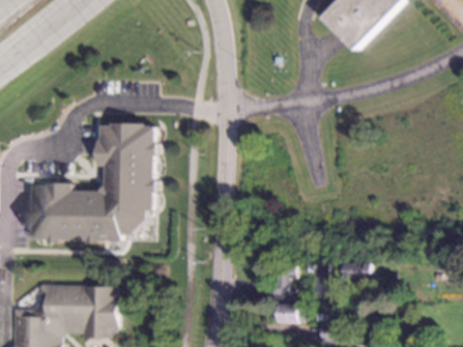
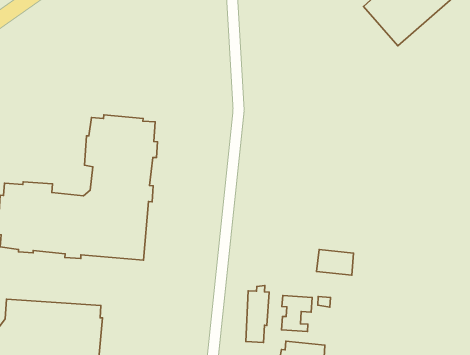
building: none -> [246,286,269,343]
building: [342,262,372,282] -> [316,250,353,275]

